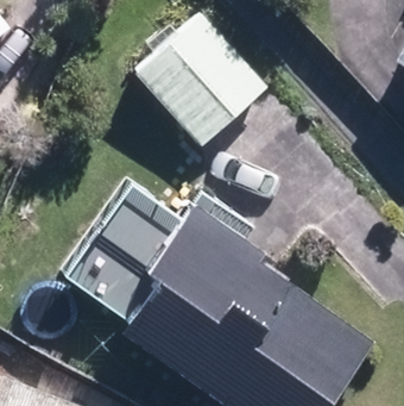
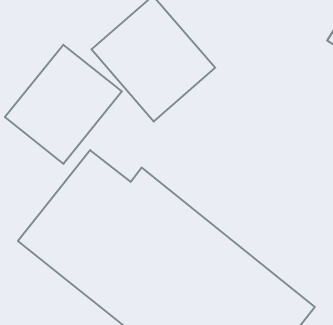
building: none -> [5,45,122,164]

